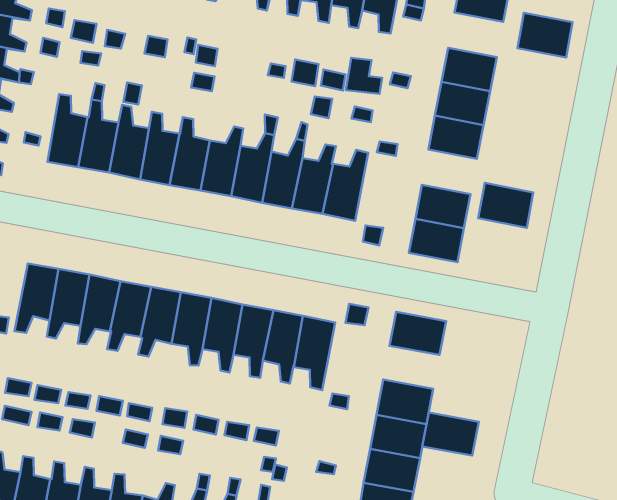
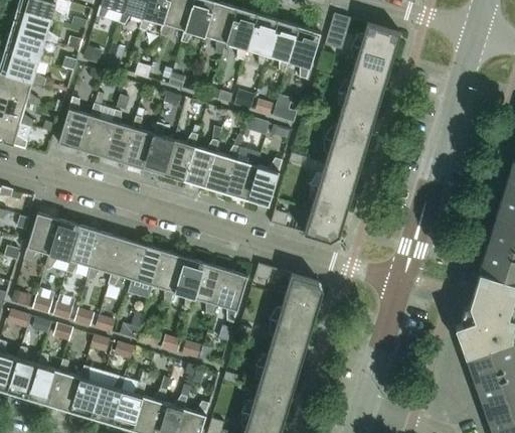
building: [517,13,572,57] -> [346,69,386,104]
building: [478,183,533,228] -> [318,163,358,197]
building: [422,412,479,456] -> [277,297,318,330]

